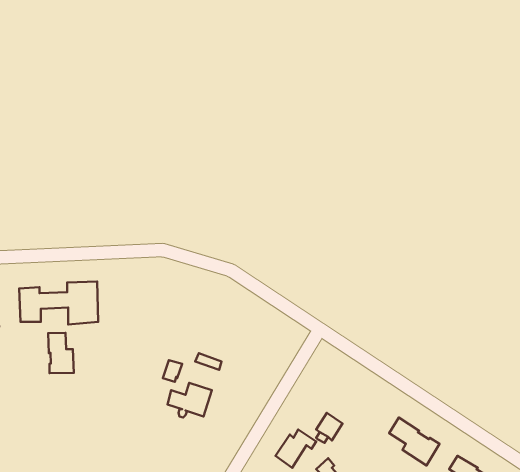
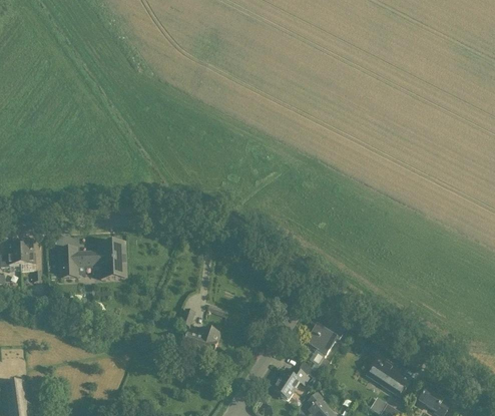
building: [48,333,74,373] -> none
building: none -> [305,322,341,350]

